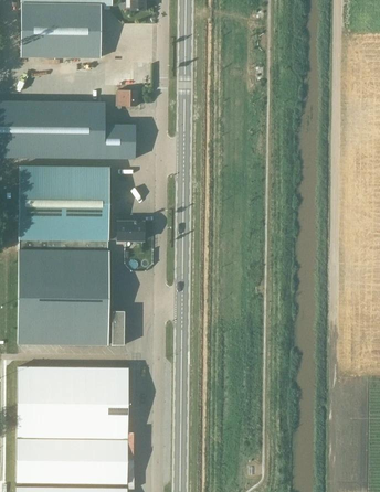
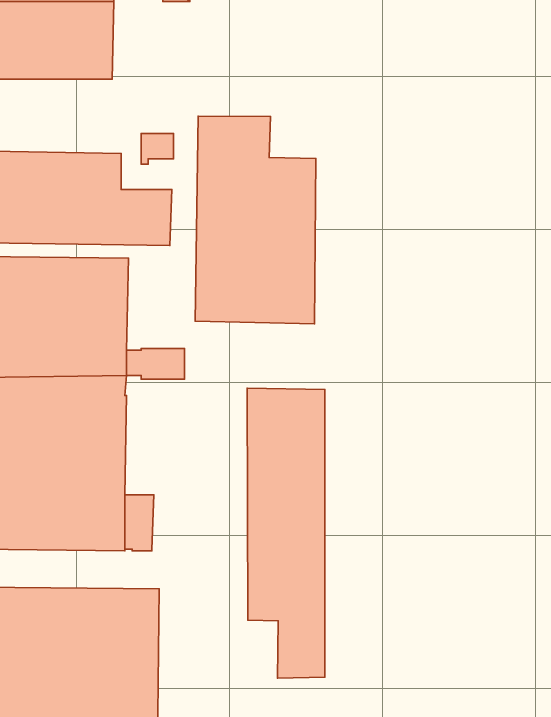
building: none -> [195,116,316,324]
building: none -> [247,388,325,678]

